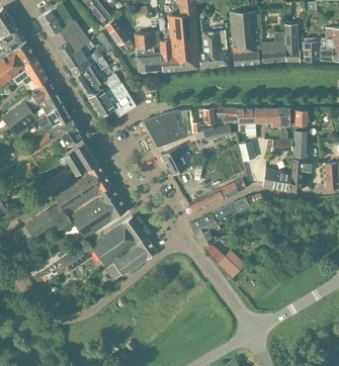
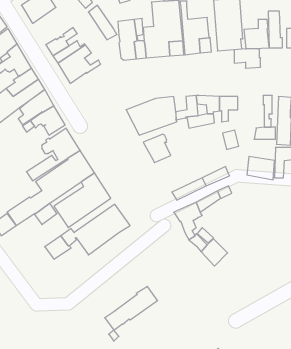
building: [51,20,90,58] -> none
building: [88,77,136,116] -> none
building: [254,108,280,127] -> [234,49,261,68]
building: [104,238,157,281] -> [105,286,158,330]

